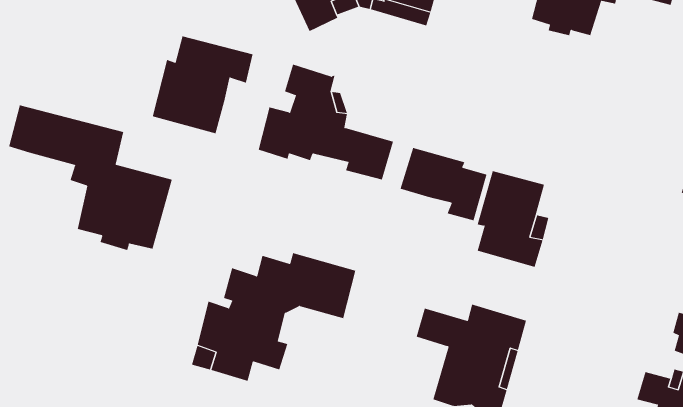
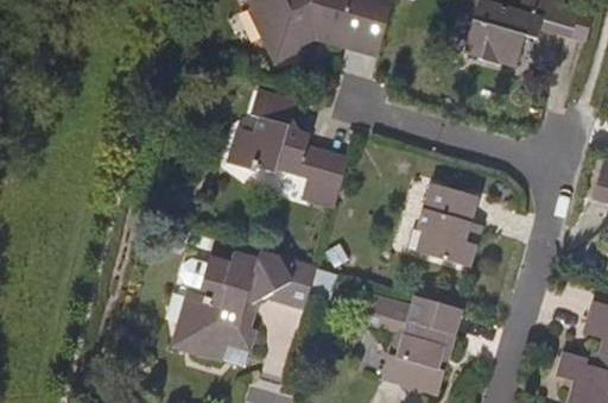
building: [152,36,253,134] -> none
building: [8,105,173,251] -> none
building: [400,147,487,221] -> none

